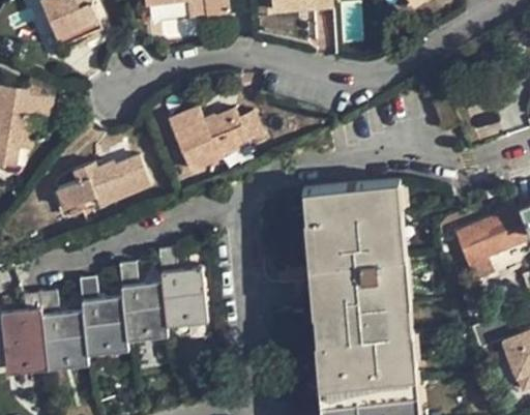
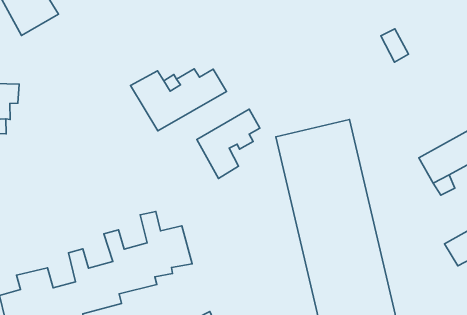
building: [59,156,150,209] -> none
building: none -> [197,109,260,178]

